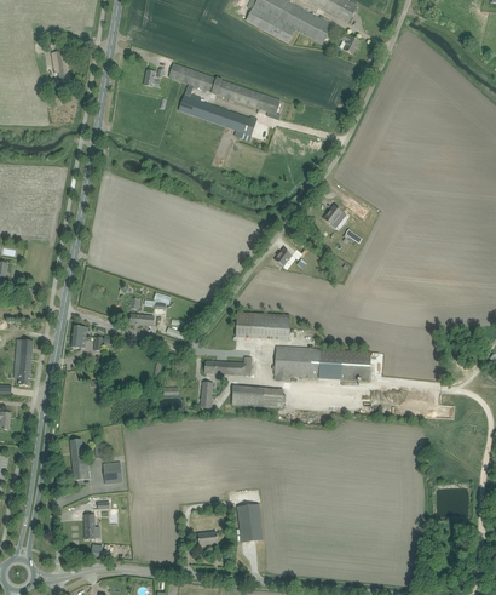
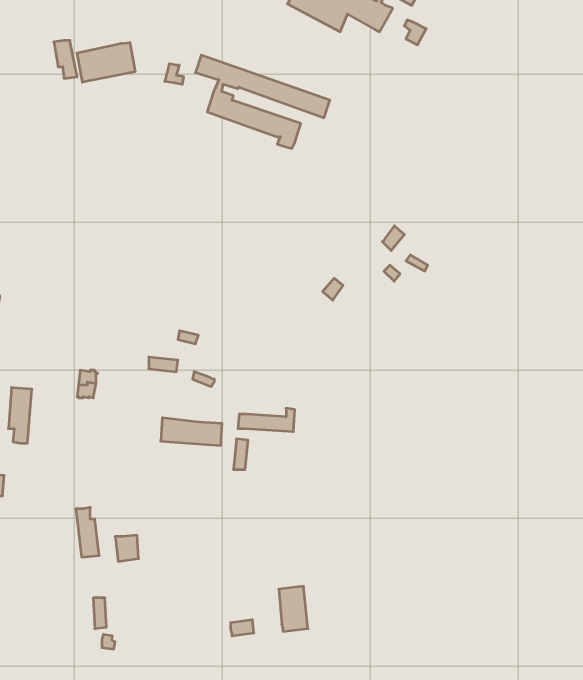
building: none -> [77,42,135,82]
building: [235,311,289,338] -> none
building: [271,345,369,379] -> none
building: [231,384,282,407] -> [161,418,222,445]

